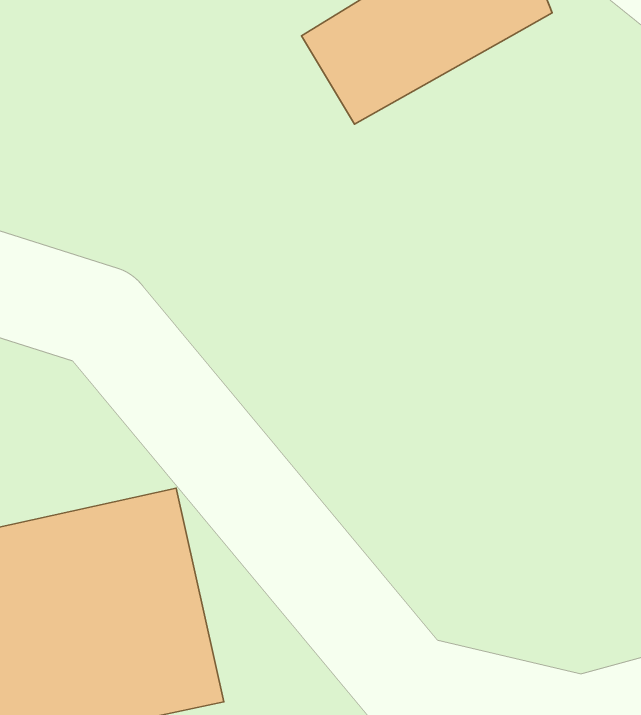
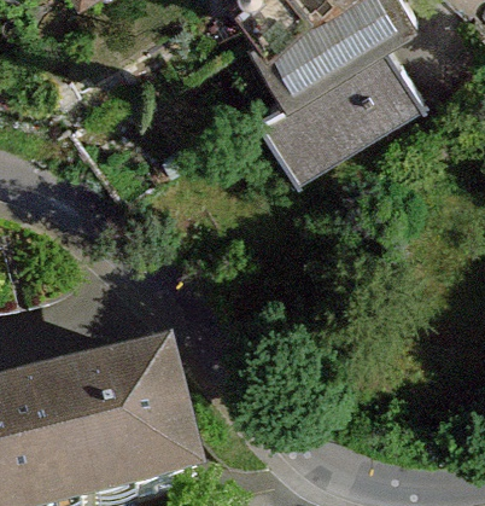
building: none -> [251,35,437,181]

